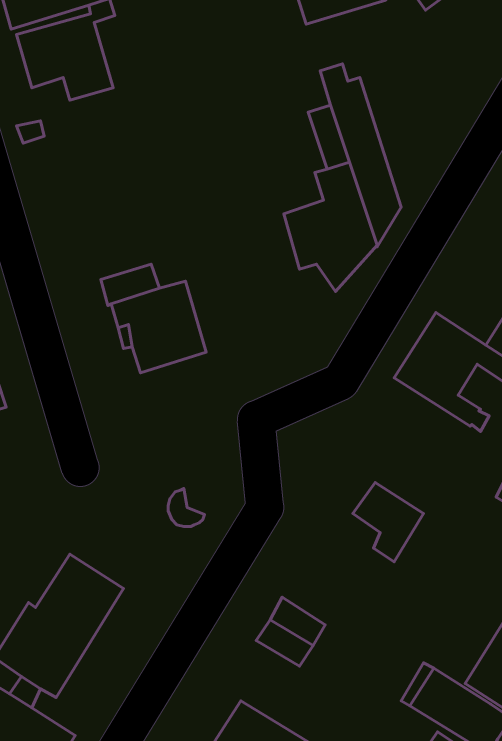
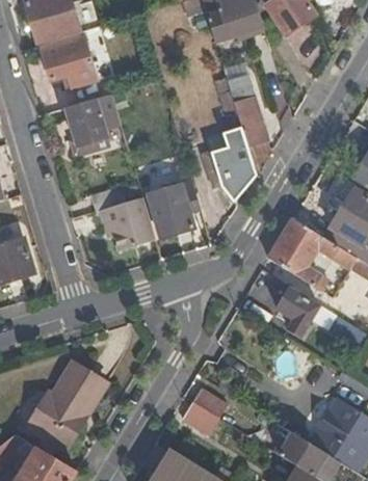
building: none -> [67,95,120,156]
building: none -> [146,182,198,240]
building: [353,482,423,562] -> [274,288,317,336]

